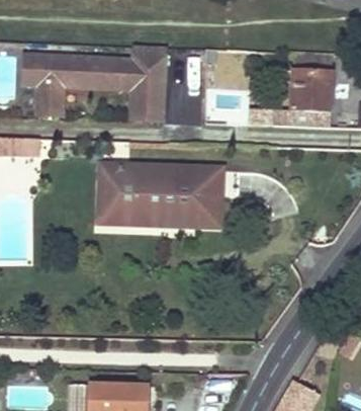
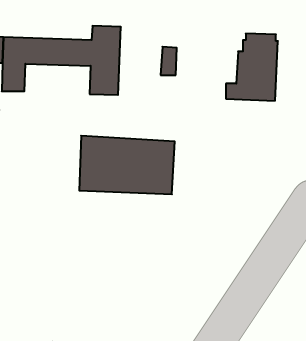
building: [95,162,120,222] -> none

